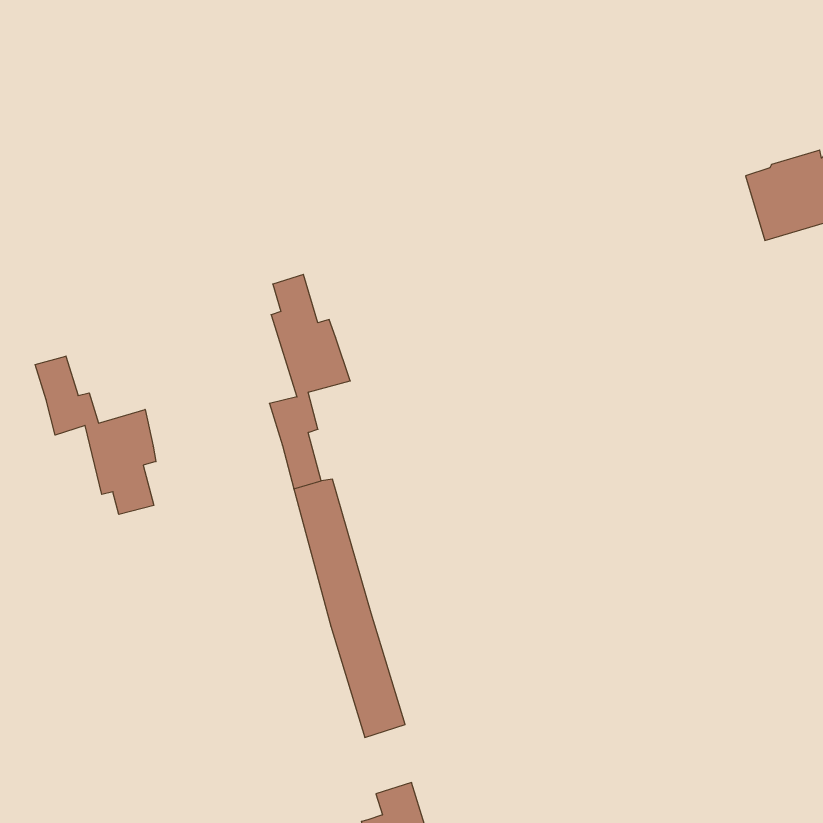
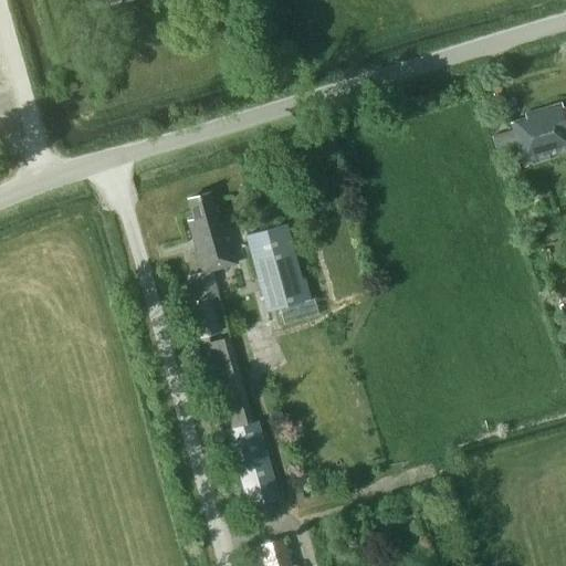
building: none -> [247,224,318,333]
building: [35,356,156,514] -> none

